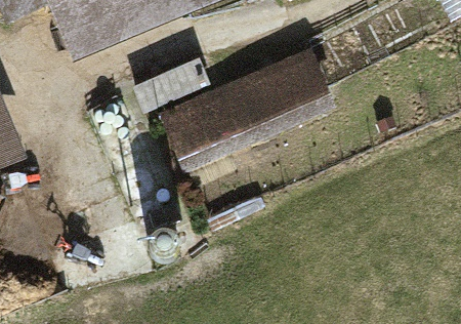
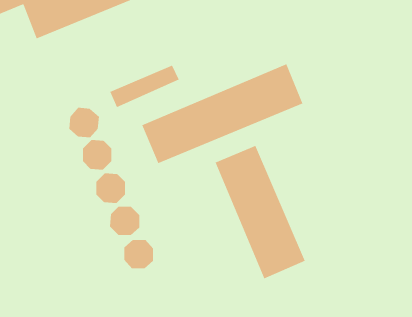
building: none -> [214,145,306,279]

